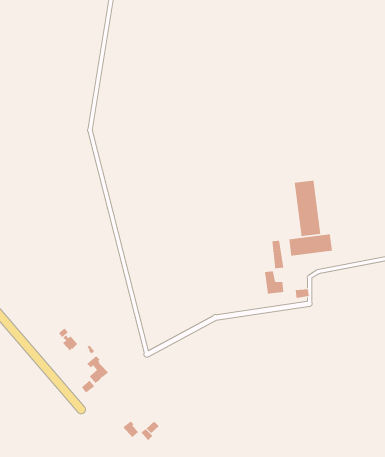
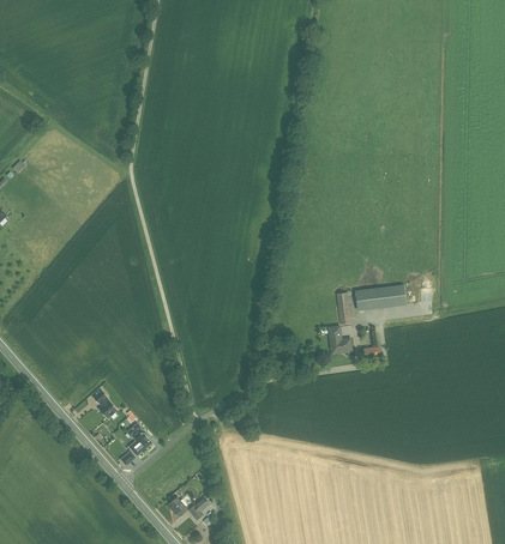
building: [294,180,321,237] -> none

